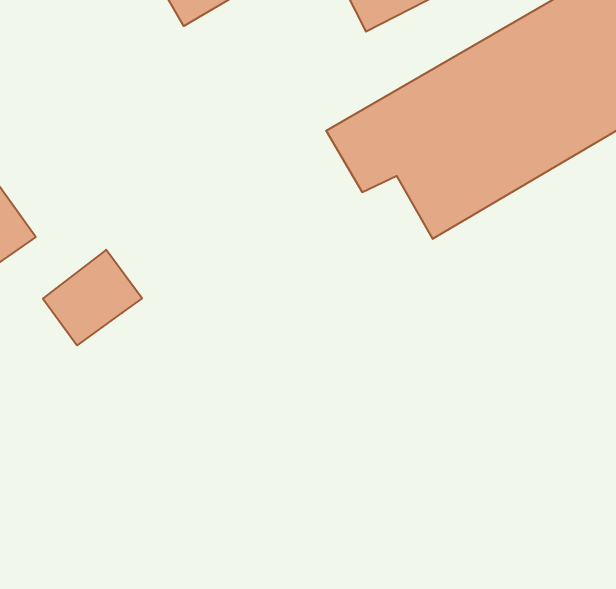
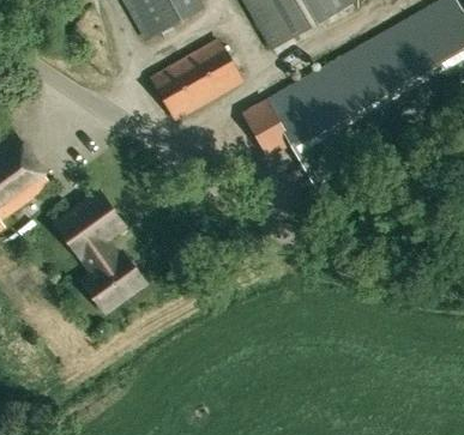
building: none -> [146,38,240,117]
building: none -> [77,234,141,310]

